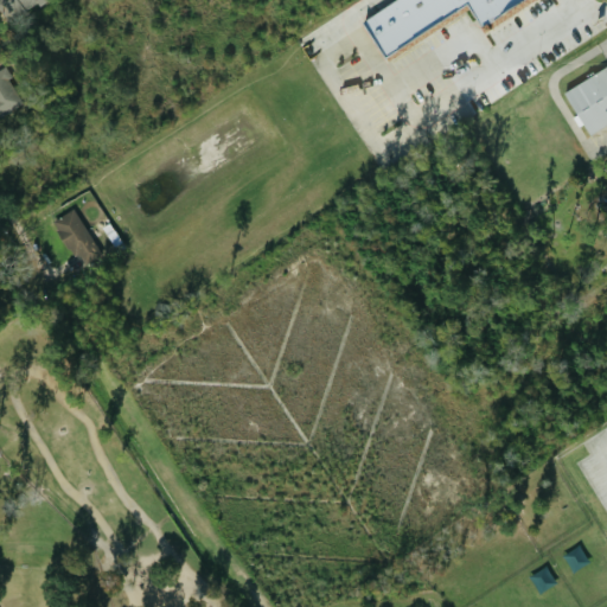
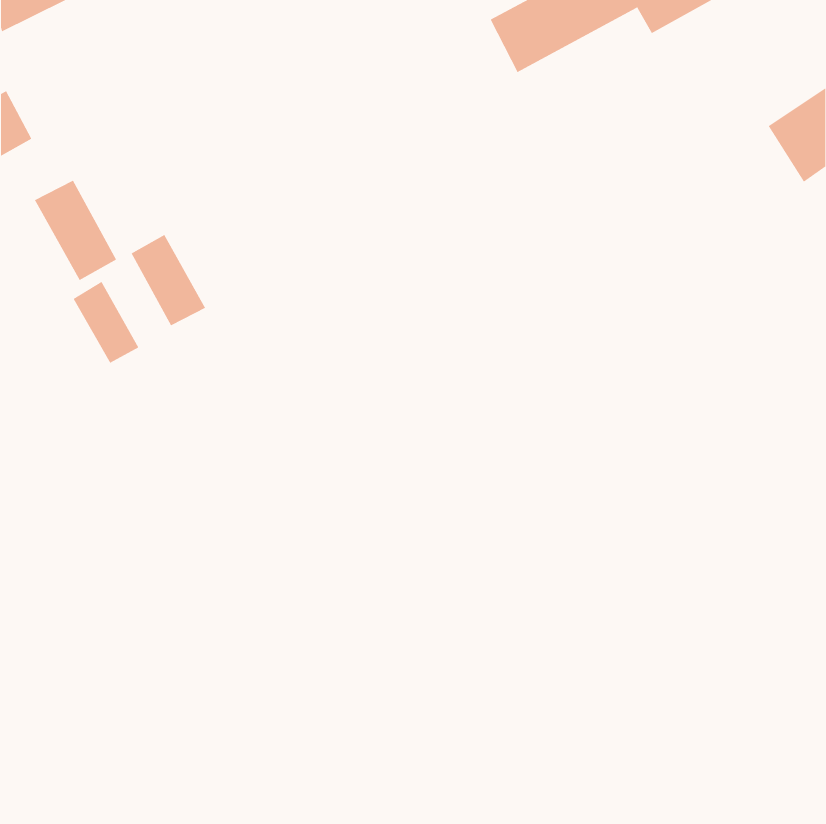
building: none -> [34,180,117,281]
building: none -> [131,234,206,326]

